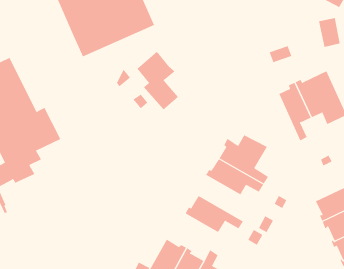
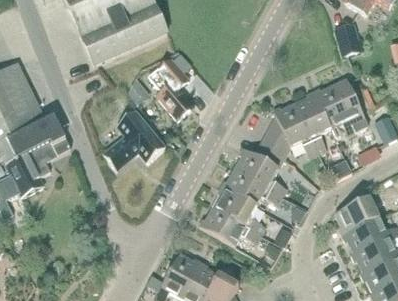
building: none -> [260,102,318,157]
building: none -> [103,110,165,170]
building: none -> [213,186,265,234]

